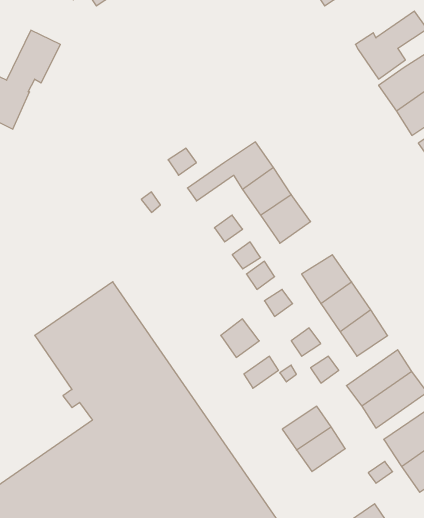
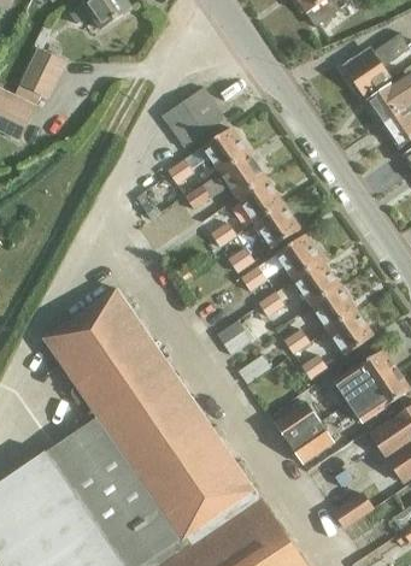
building: none -> [162,87,225,148]
building: none -> [201,128,248,173]
building: none -> [275,235,321,278]

